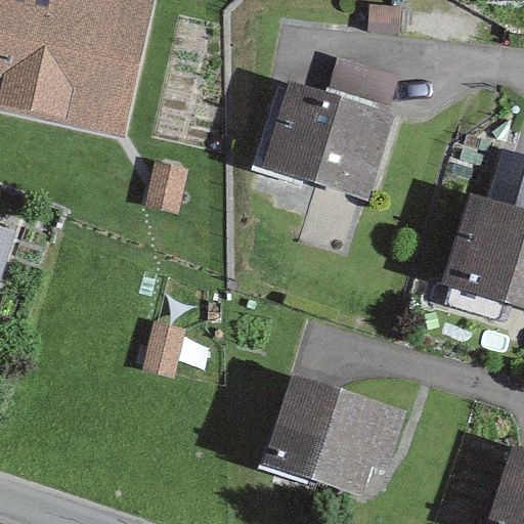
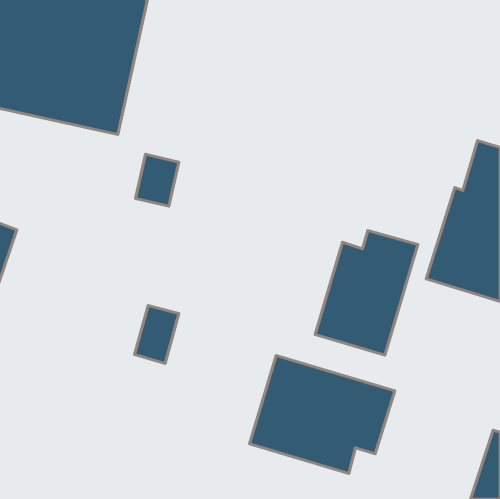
building: [261,59,399,199] -> none
building: none -> [315,231,418,355]

